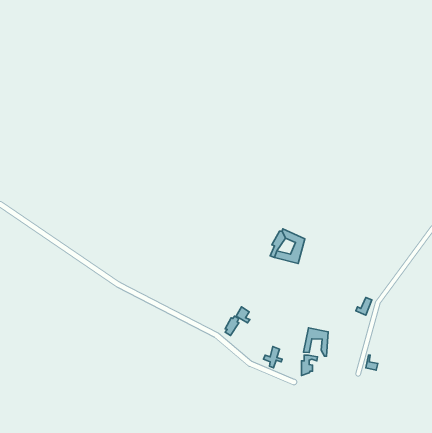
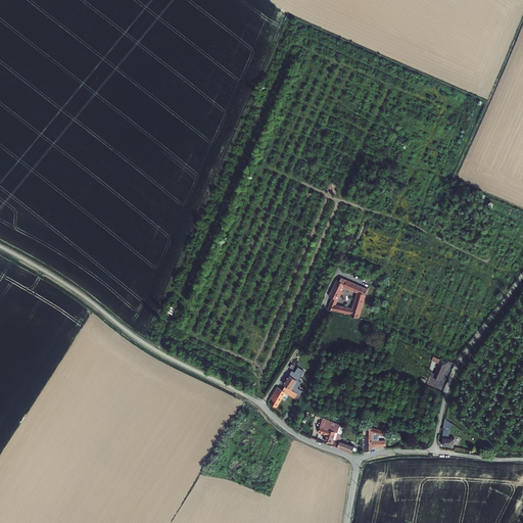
building: [303,328,328,356] -> none

